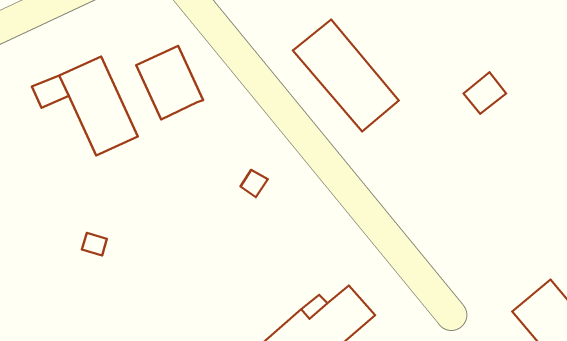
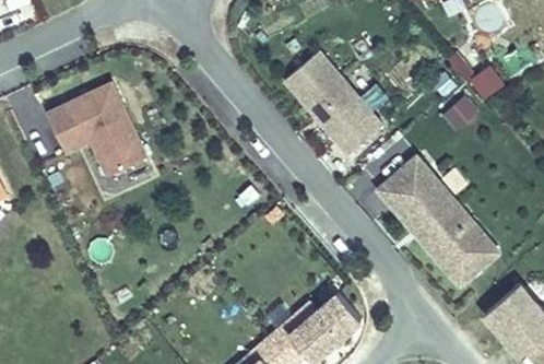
building: [136,46,203,119] -> none
building: none -> [379,156,498,283]

